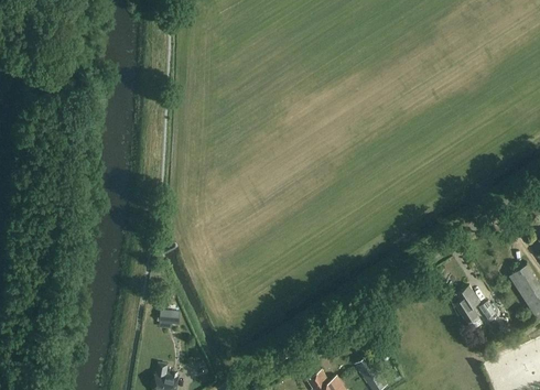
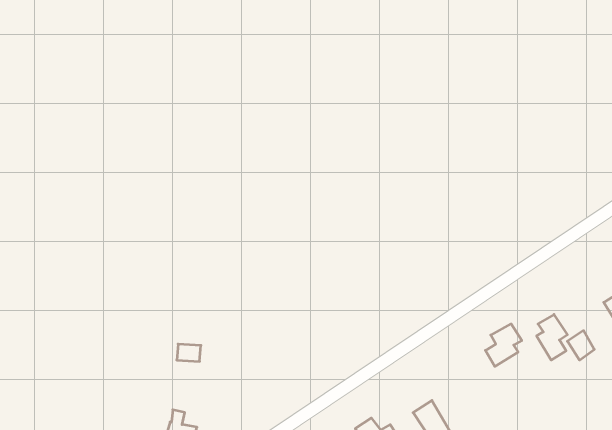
building: none -> [485,324,522,366]

